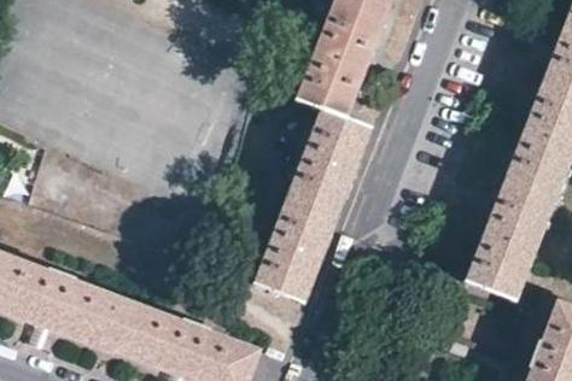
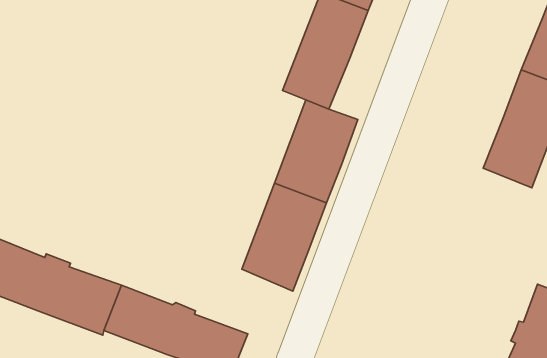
building: [463,178,555,300] -> none

